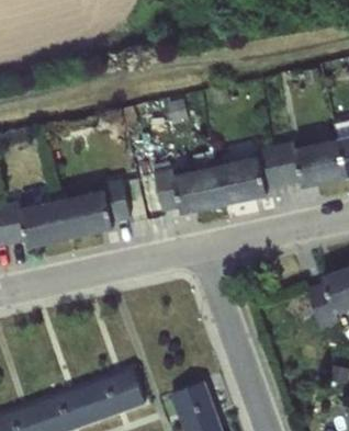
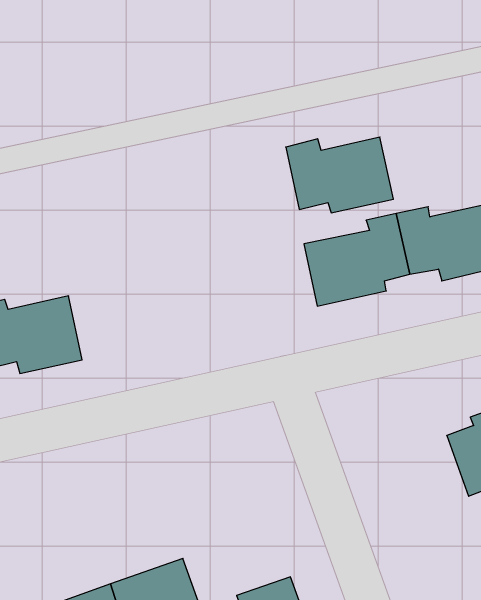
building: [151,165,222,214] -> [286,137,393,213]
building: [59,179,130,240] -> none

